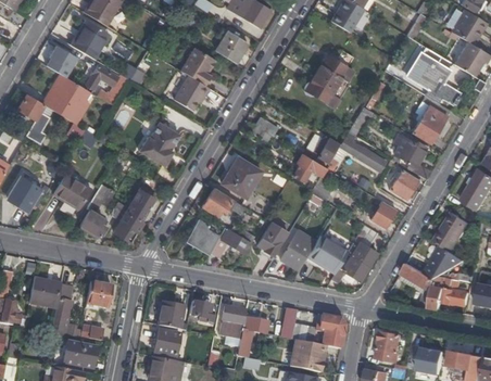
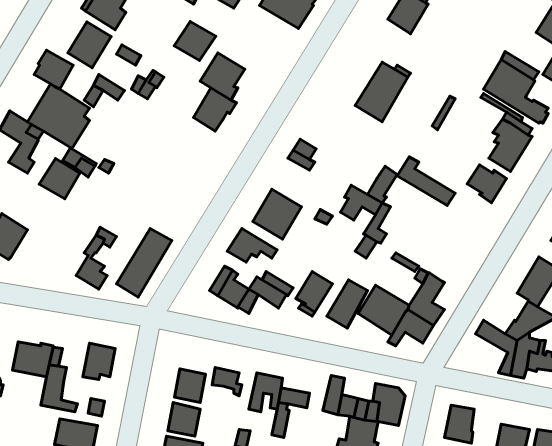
building: [214,31,248,63] -> [174,21,216,61]
building: [139,123,180,167] -> none
building: [389,170,417,200] -> none
building: [53,174,86,206] -> [39,158,80,199]
building: [370,198,395,228] -> none

